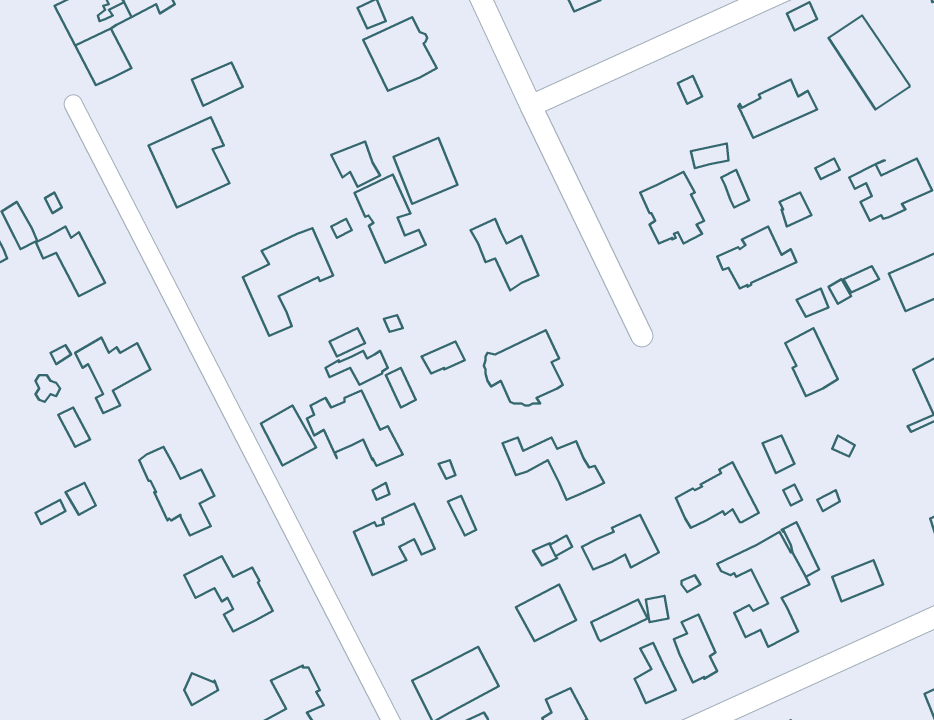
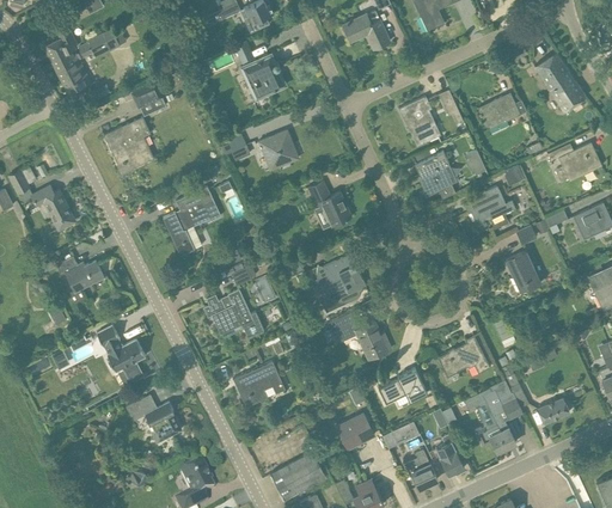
building: none -> [398,96,440,146]
building: [354,175,426,263] -> none
building: [261,406,316,466] -> none

